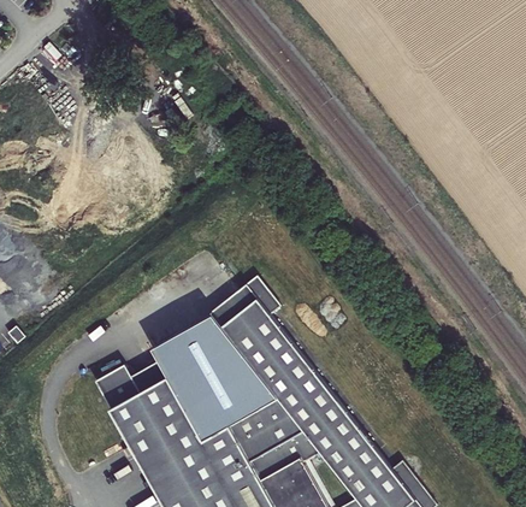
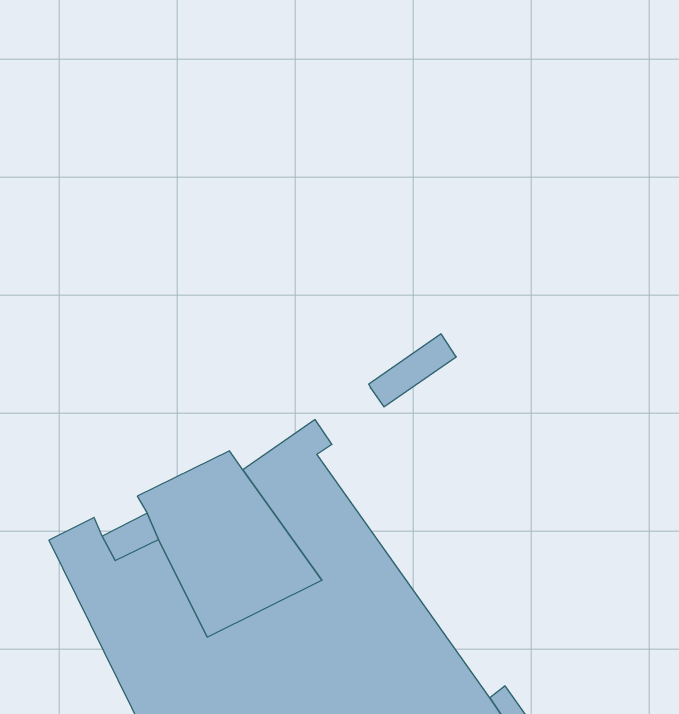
building: [207,279,264,330] -> [369,334,456,407]

